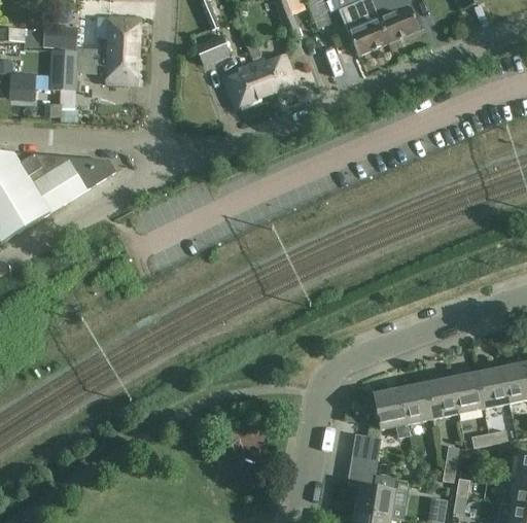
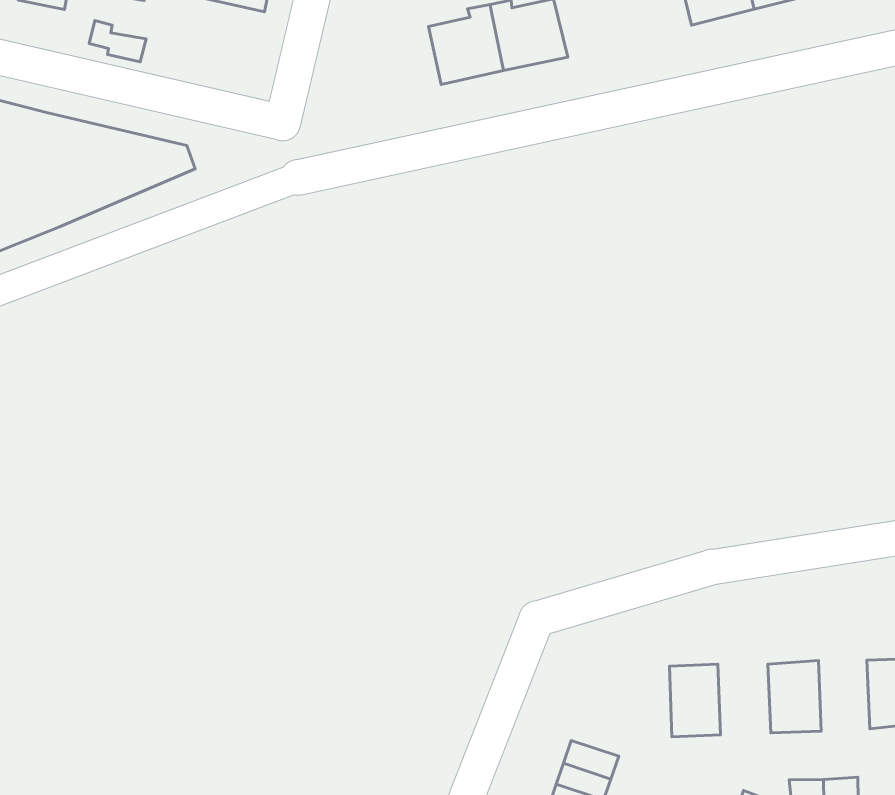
building: [476,367,507,407] -> none
building: [424,377,457,417] -> none
building: [374,386,407,427] -> none

